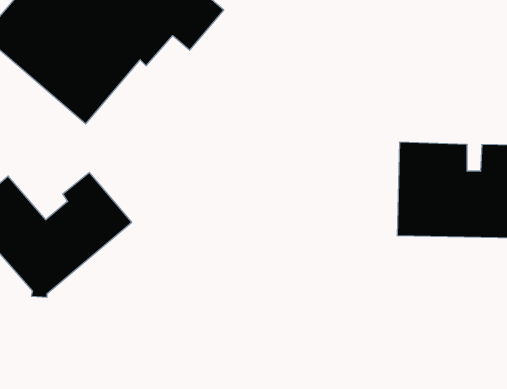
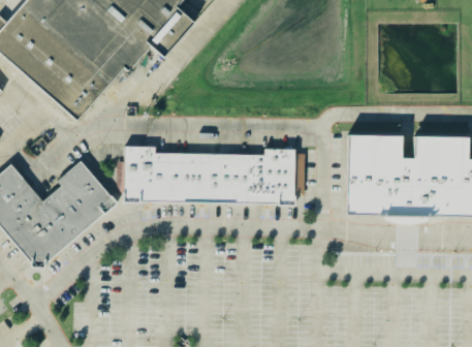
building: none -> [124,145,295,203]

